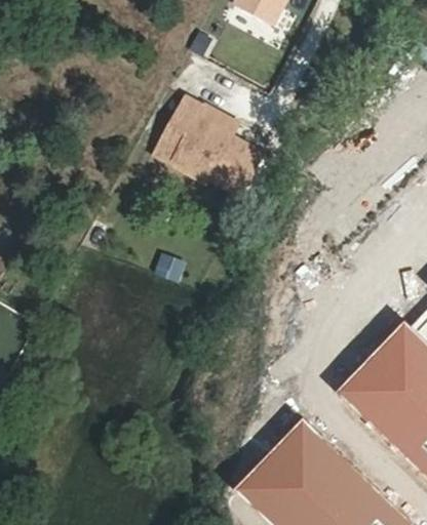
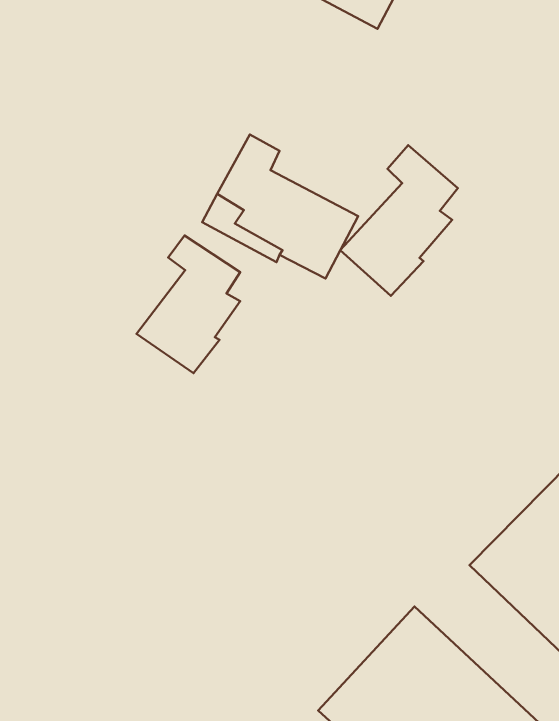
building: none -> [340,145,458,296]
building: none -> [137,235,240,373]

